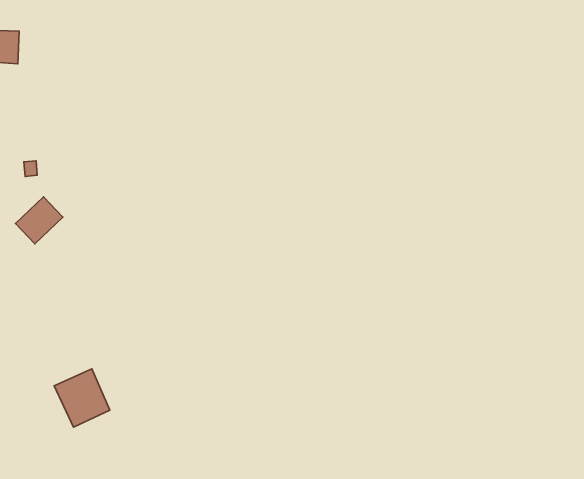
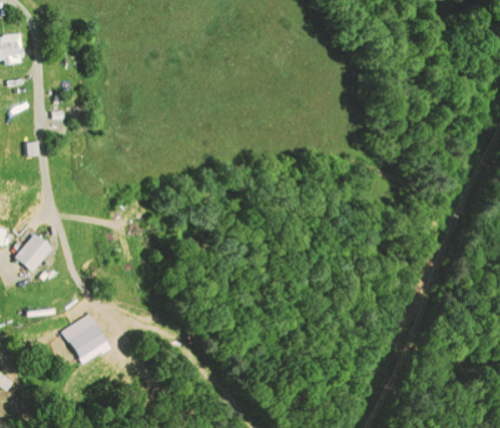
building: [16,197,63,244] -> [15,232,54,271]

